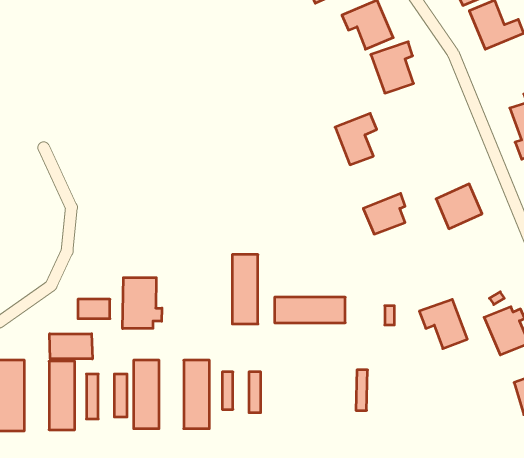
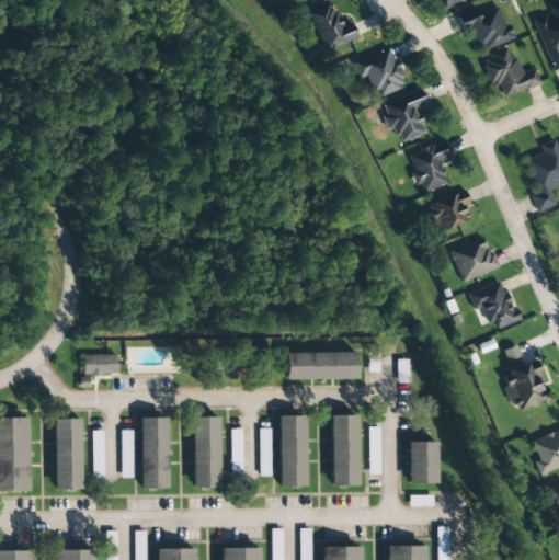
building: [335,113,377,165] -> [411,140,454,193]
building: [363,193,405,234] -> [430,191,472,232]
building: [232,255,258,324] -> [281,415,307,487]
building: [123,278,162,329] -> none
building: [419,299,467,349] -> [470,281,520,331]
building: [50,334,92,359] -> none
building: none -> [332,415,360,487]
building: none -> [410,442,438,483]

